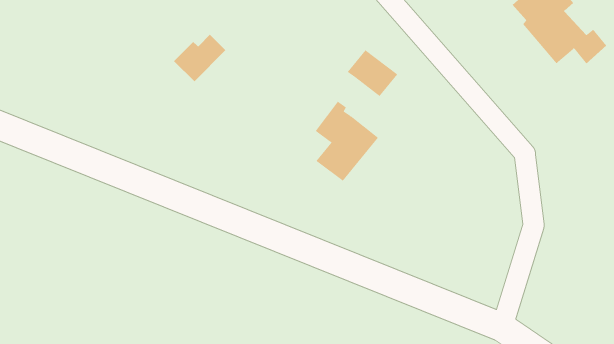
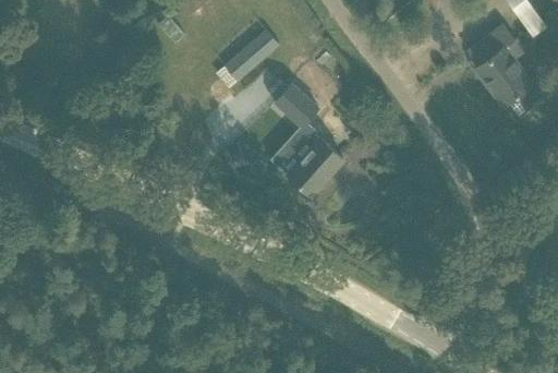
building: [173,34,226,82] -> [220,40,267,82]
building: [347,49,398,97] -> [274,84,318,127]

